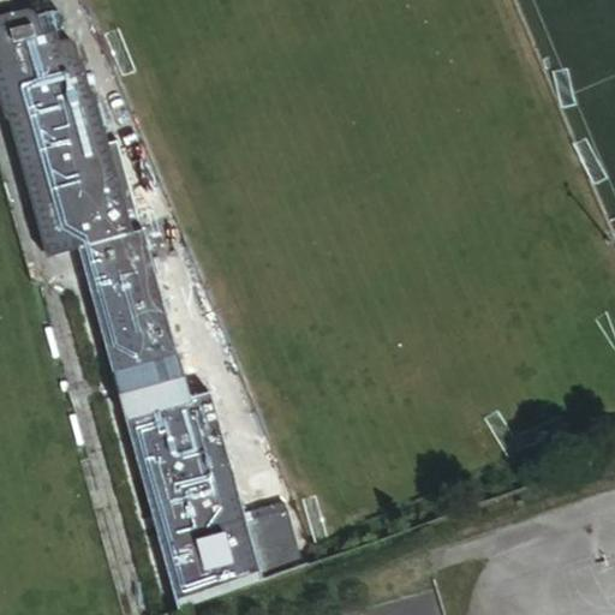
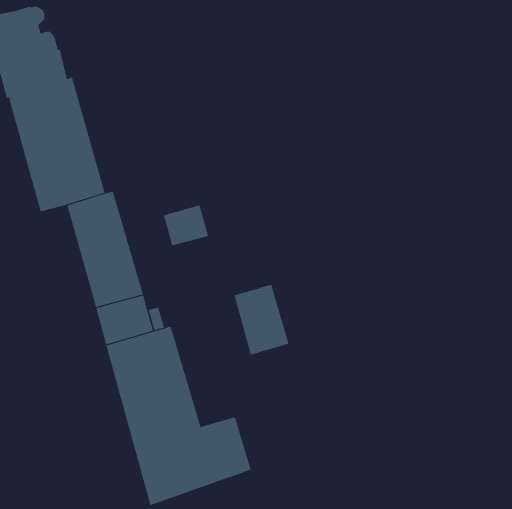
building: none -> [163,204,209,246]
building: none -> [234,284,289,356]

